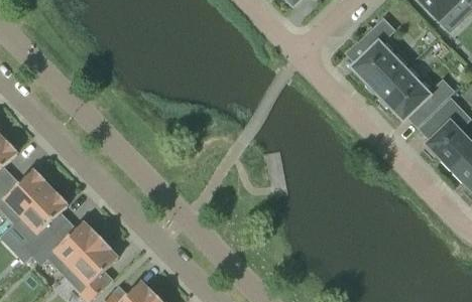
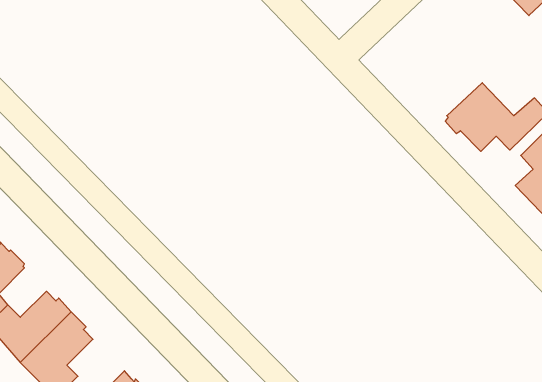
building: [352,17,410,94] -> none

